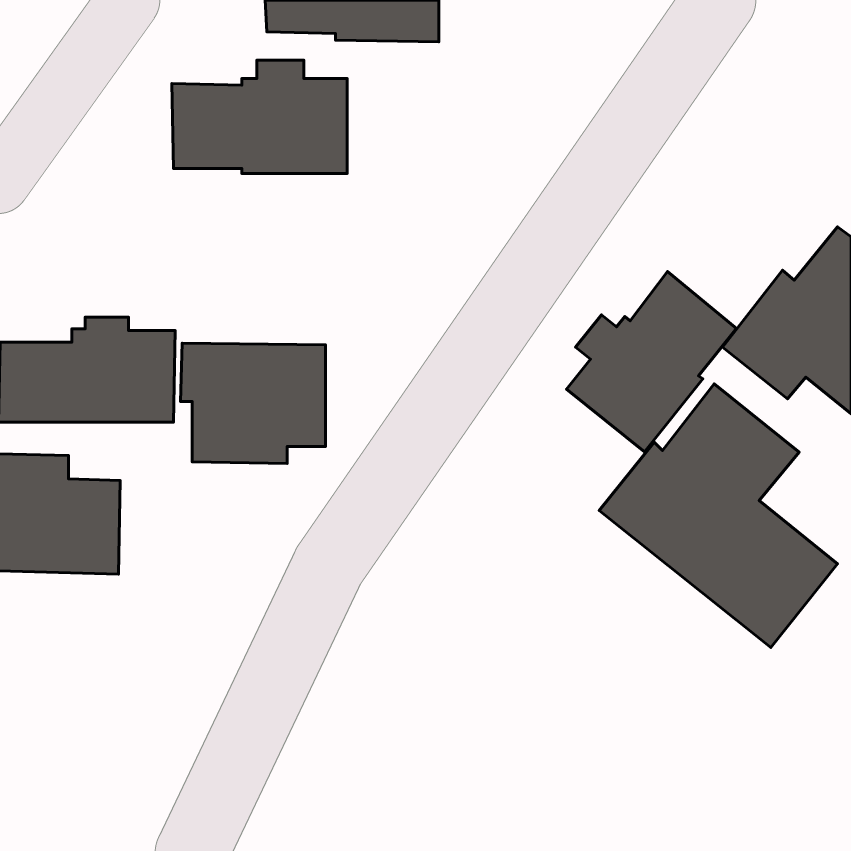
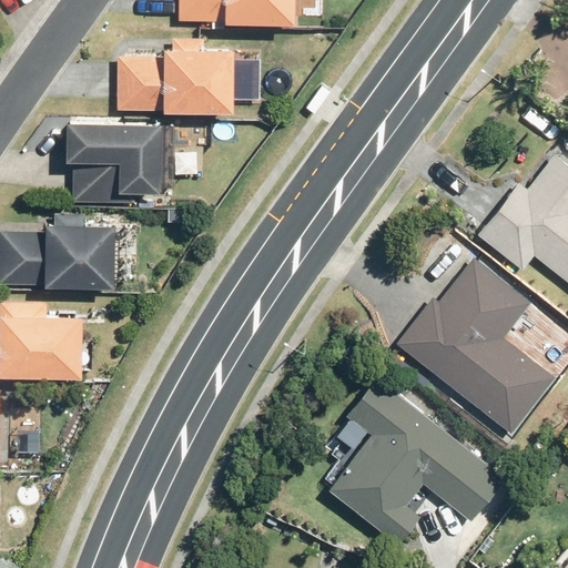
building: [567,271,737,452] -> none
building: [180,343,326,463] -> [62,126,159,206]
building: none -> [329,375,505,541]

